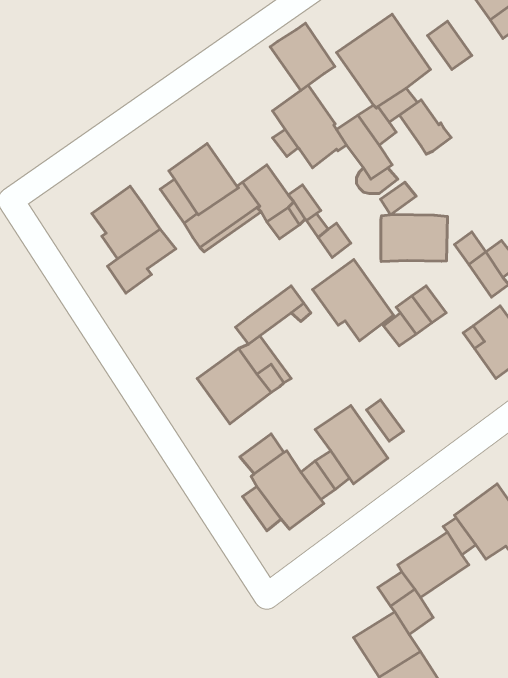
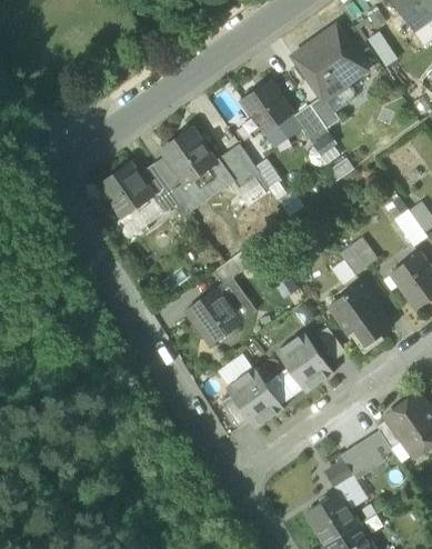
building: [270,23,335,90] -> none
building: [399,100,451,154] -> none
building: none -> [140,162,180,209]
building: [381,215,448,261] -> none
building: [312,260,394,341] -> [328,282,391,346]

